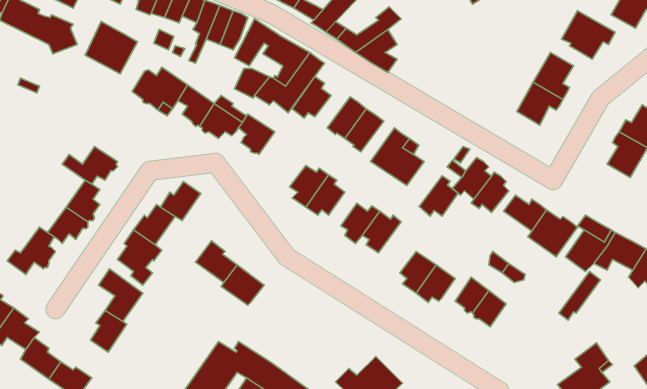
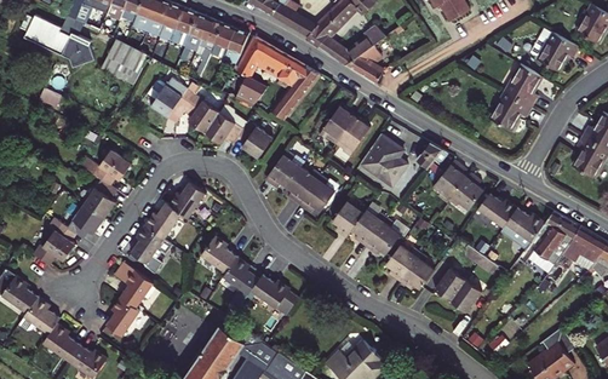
building: [292,77,331,118] -> [264,150,299,188]
building: [419,176,458,216] -> [365,218,400,254]
building: none -> [249,275,298,315]

